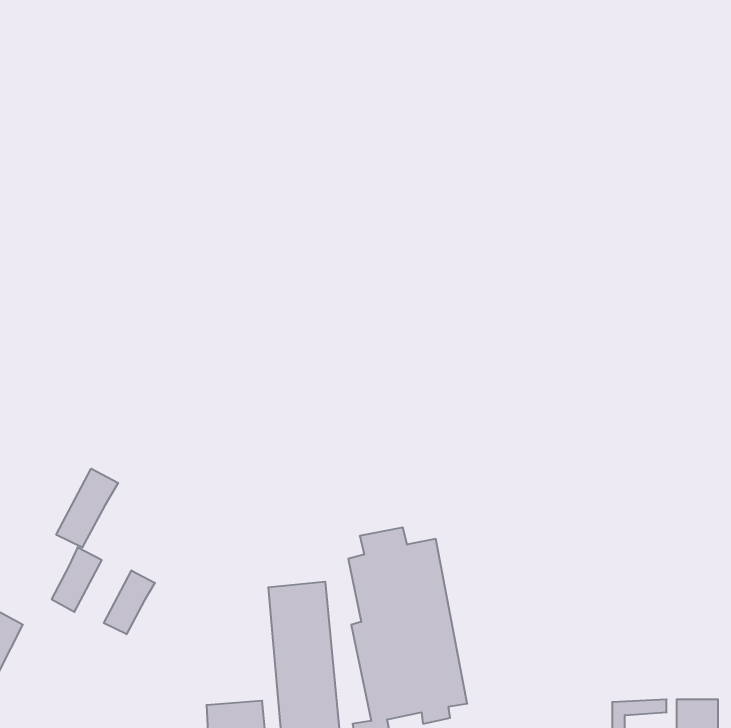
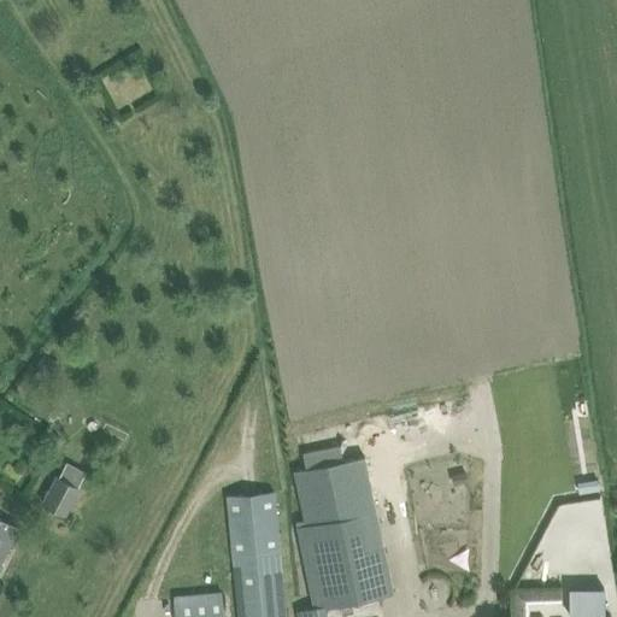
building: [56,469,118,548] -> none
building: [104,570,155,634] -> none

